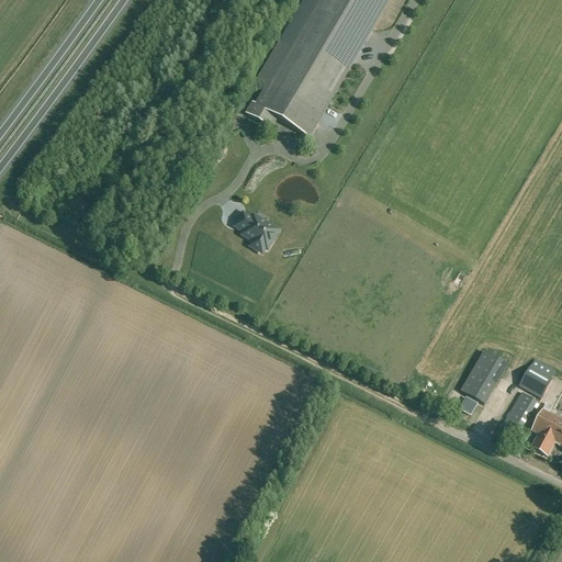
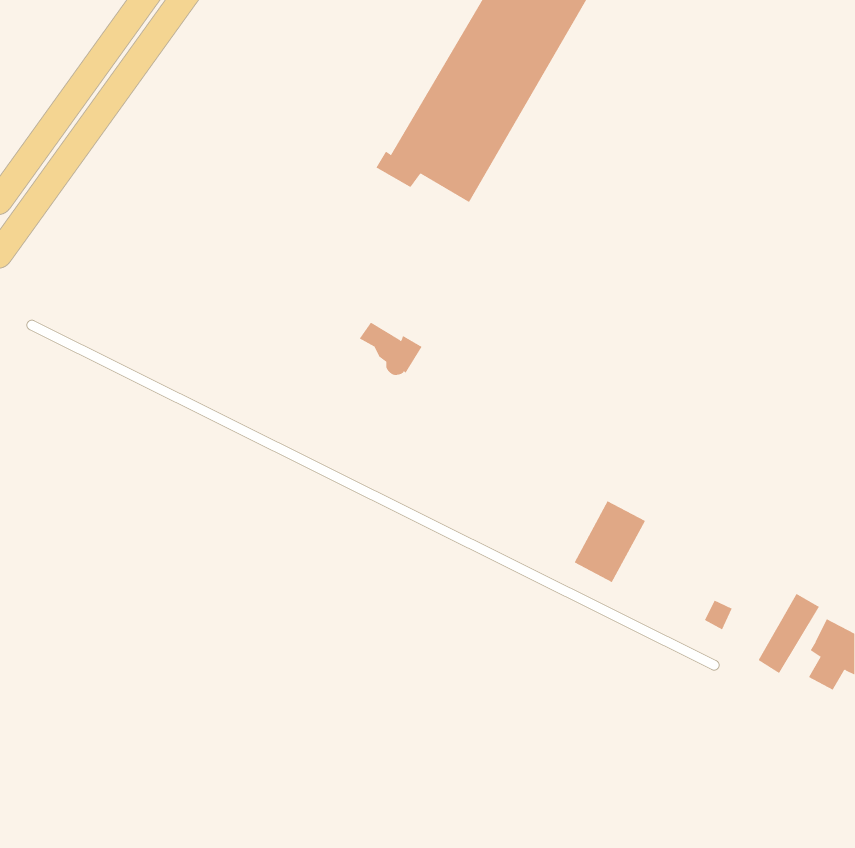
building: [463,347,510,401] -> [574,501,646,583]
building: [518,362,552,395] -> none

